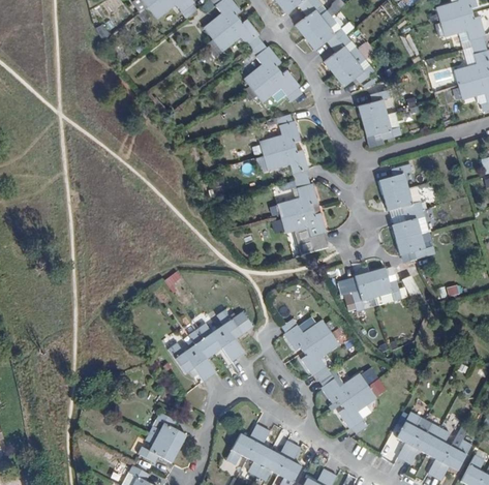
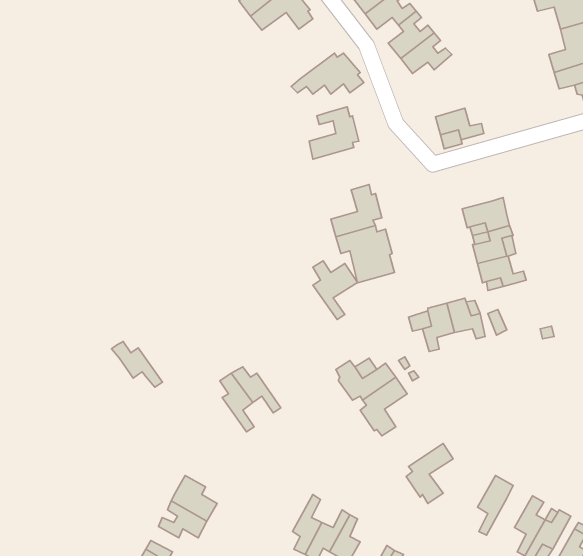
building: [241,41,281,96] -> none
building: [358,89,391,121] -> none
building: [263,146,308,180] -> none
building: [379,163,411,195] -> none
building: [217,309,253,357] -> [313,261,358,320]
building: [167,343,209,381] -> [112,341,163,387]
building: [318,372,368,404] -> none
building: [403,423,440,464] -> none
building: [225,424,263,464] -> none

